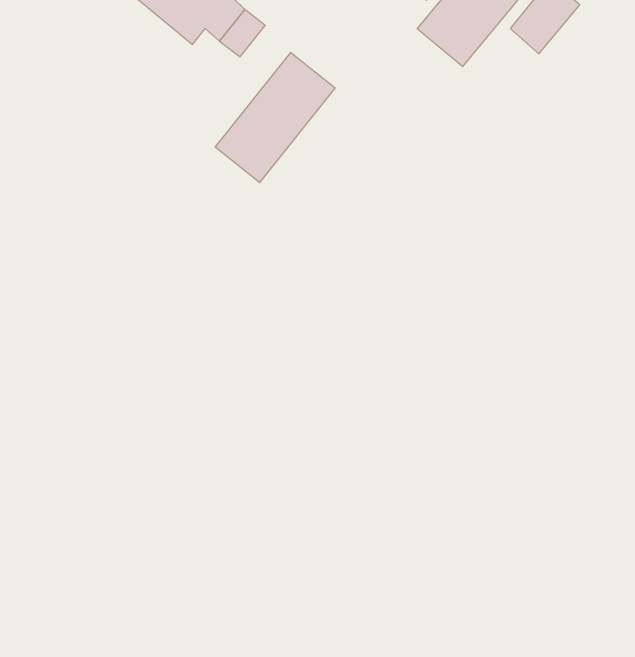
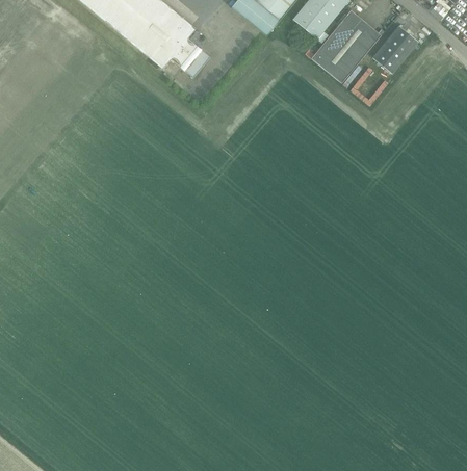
building: [215,52,335,183] -> none

